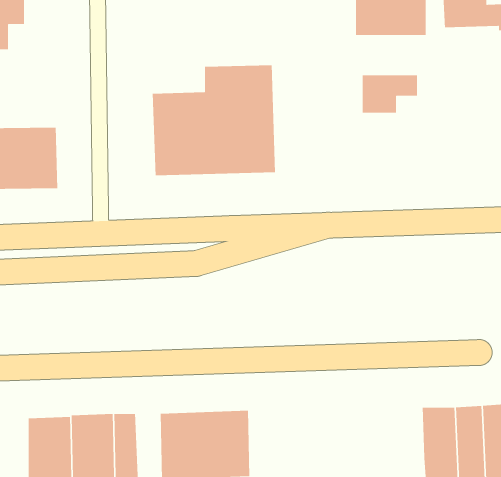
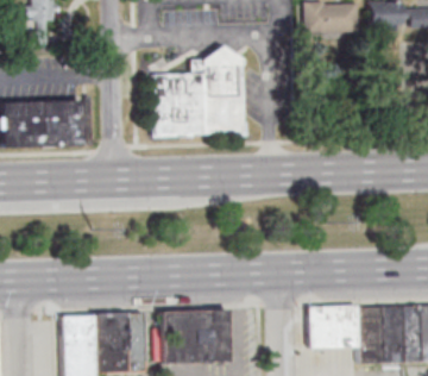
building: [362,75,418,114] -> none
building: none -> [303,307,354,350]

